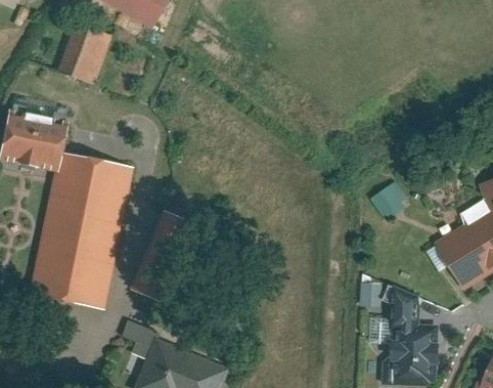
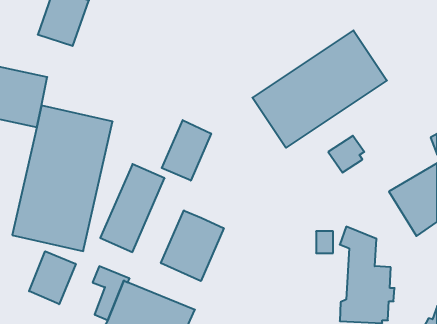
building: none -> [252,30,387,148]
building: none -> [162,120,211,181]
building: none -> [161,210,224,281]
building: none -> [29,251,76,304]

